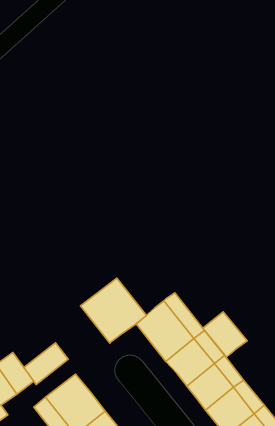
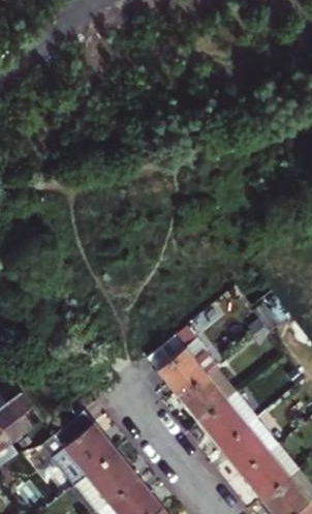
building: [81,278,146,343] -> none
building: [203,312,247,357] -> none
building: [24,343,68,384] -> none

